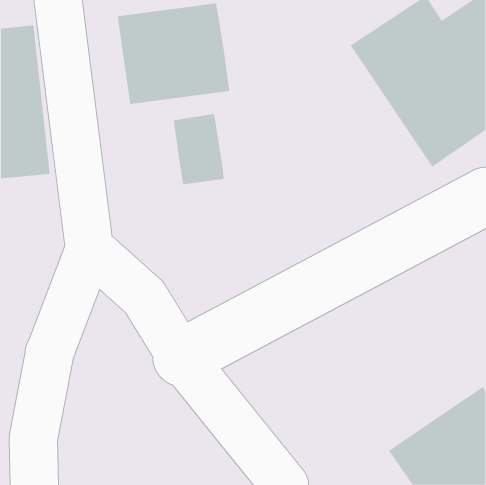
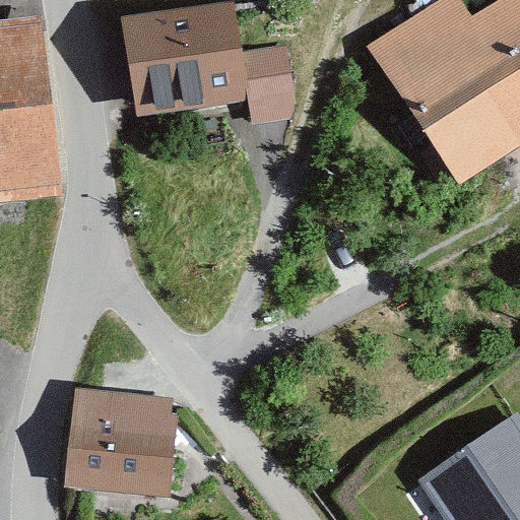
building: [173,114,224,185] -> [240,46,295,122]
building: none -> [69,392,173,493]

